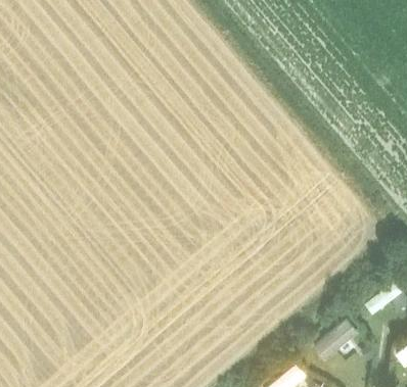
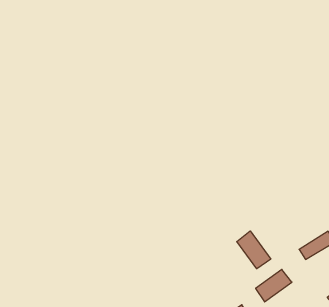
building: none -> [237,231,271,269]

